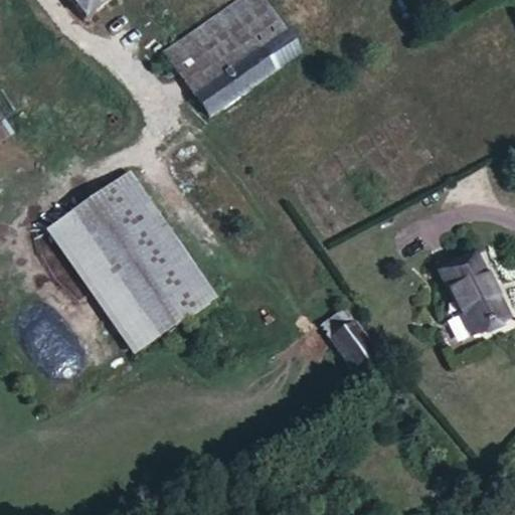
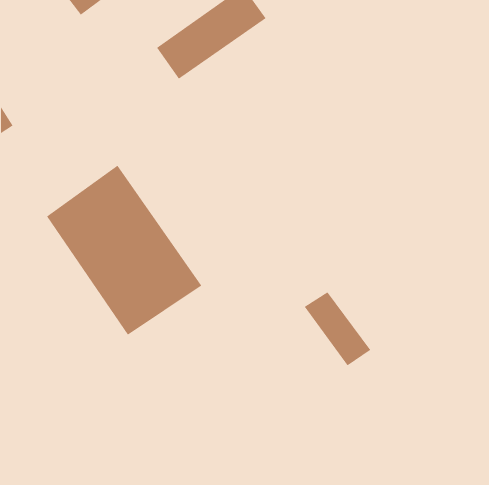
building: [188,19,302,115] -> none
building: [442,252,506,332] -> none

